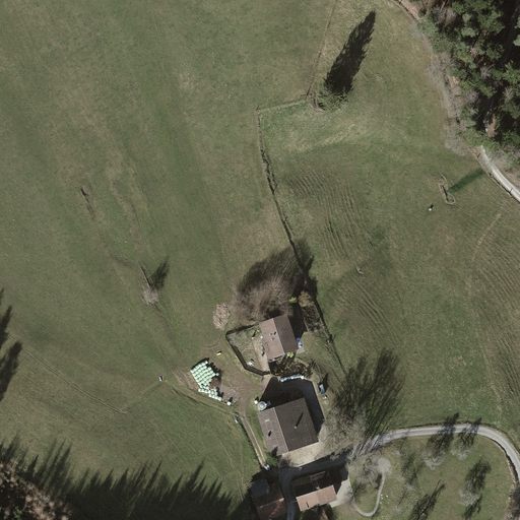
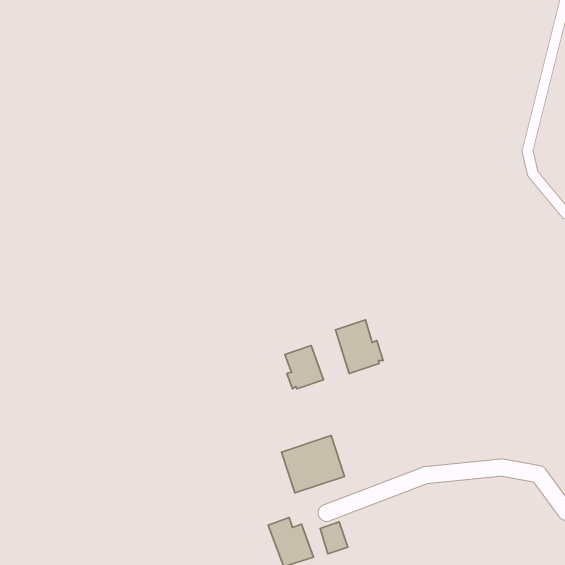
building: none -> [335,320,383,374]
building: [312,471,341,504] -> none

